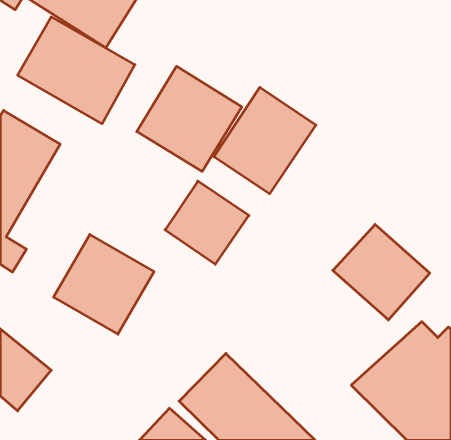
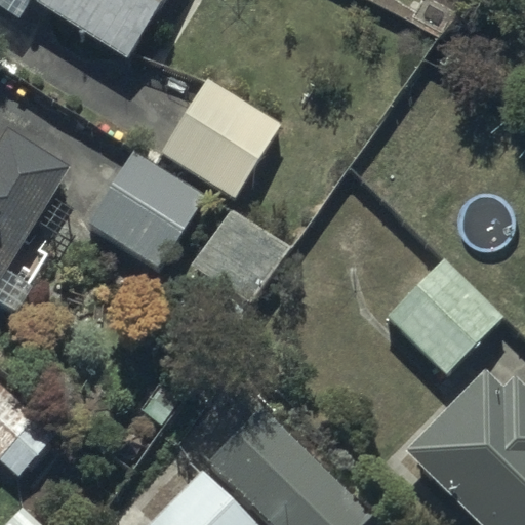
building: [18,17,135,124] -> none
building: [214,87,316,194] -> none
building: [54,234,154,334] -> [87,153,204,269]

